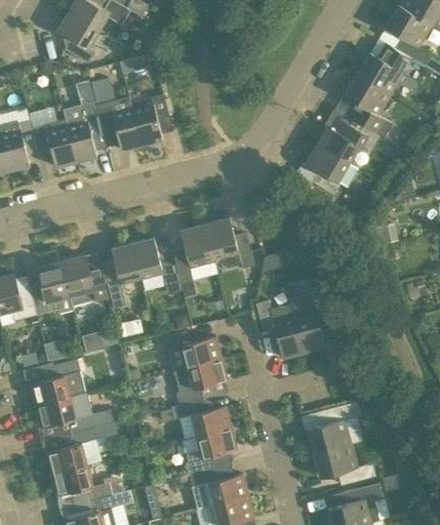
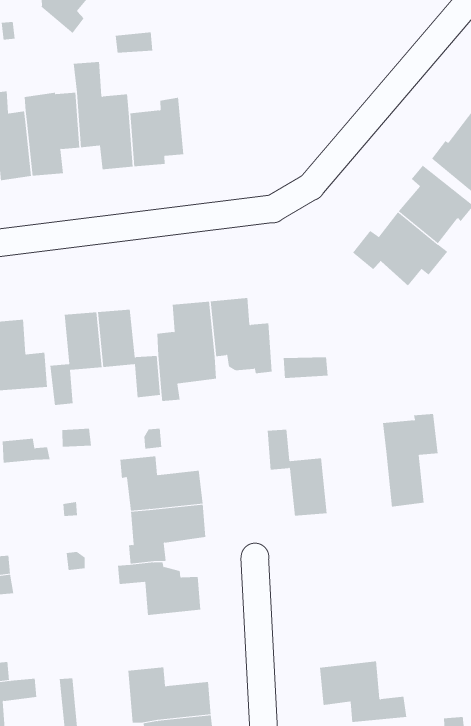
building: [288,286,328,352] -> [382,414,439,507]
building: [306,402,361,453] -> none
building: [178,428,236,475] -> none

